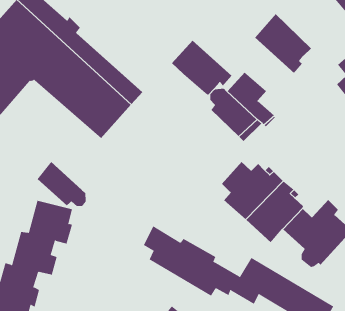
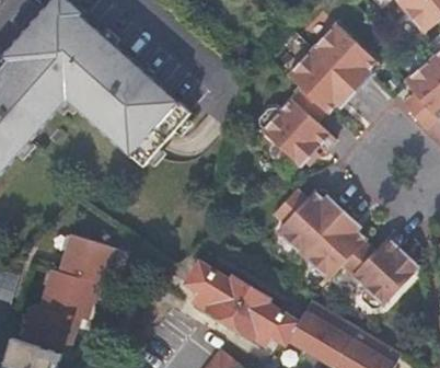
building: [171,40,232,95] -> [288,51,357,114]
building: [37,161,86,207] -> none

